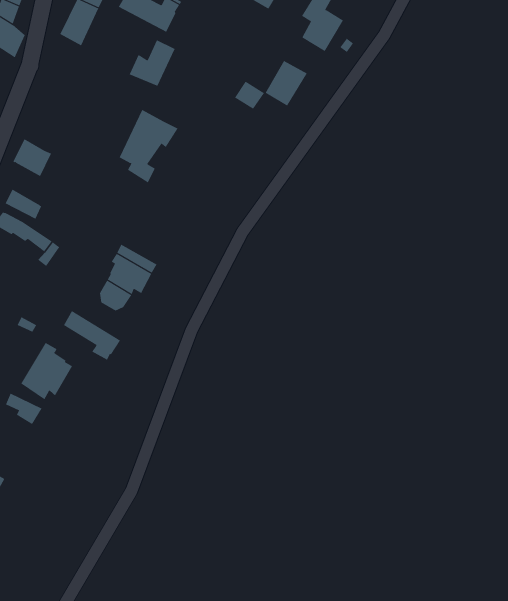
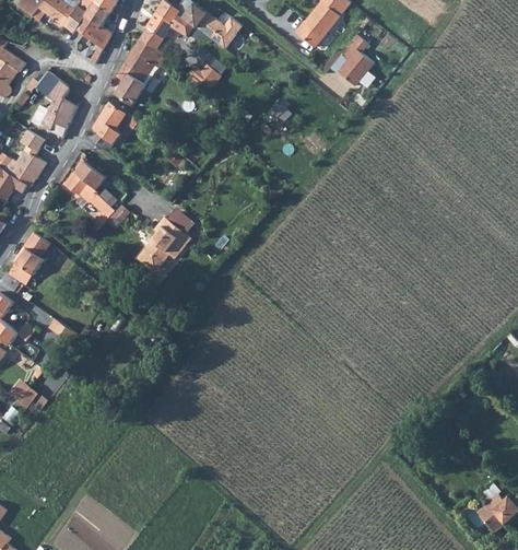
building: [265,60,307,106] -> none
building: [119,109,178,183] -> [115,38,166,98]
building: none -> [98,101,138,130]
building: [63,310,121,361] -> none
building: [20,342,73,400] -> none

